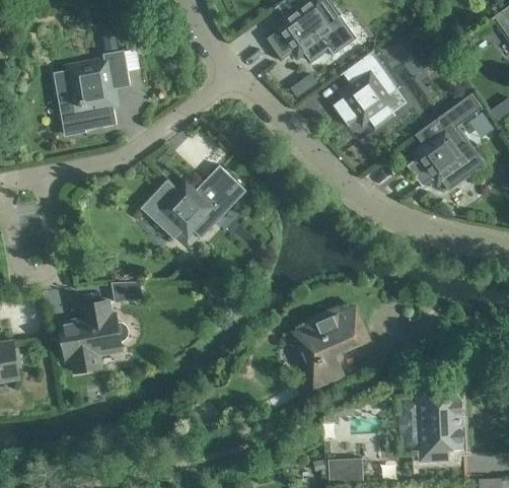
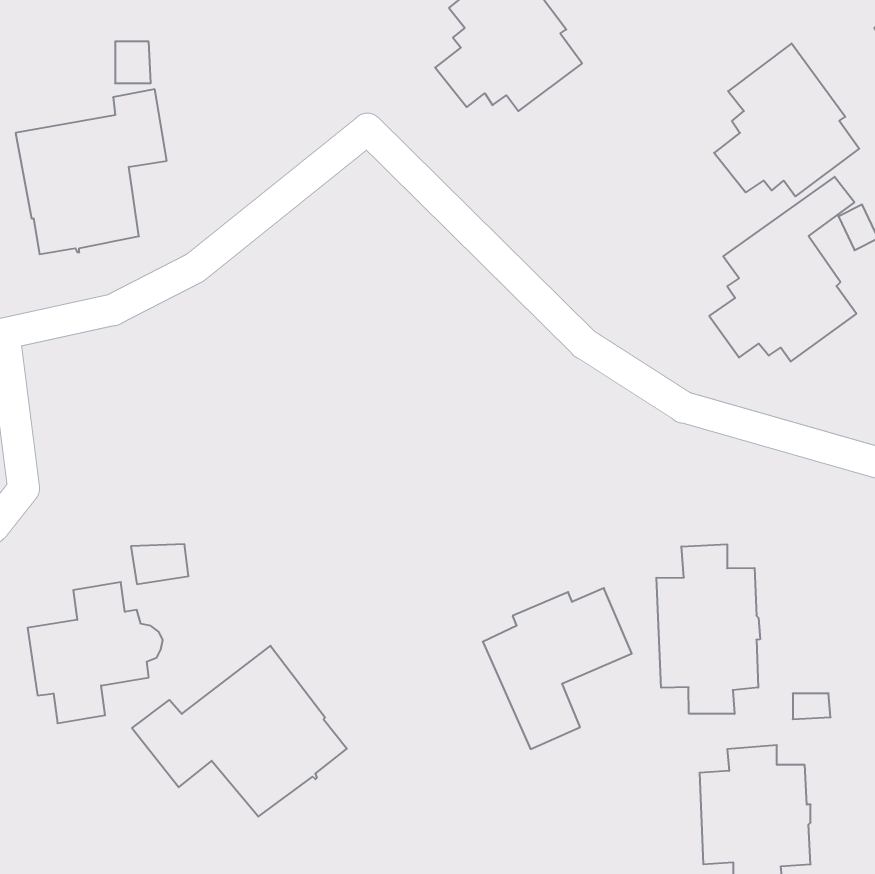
building: [334,50,408,128] -> [714,43,859,196]
building: [141,165,247,249] -> none
building: none -> [656,544,760,714]
building: none -> [132,646,347,817]

